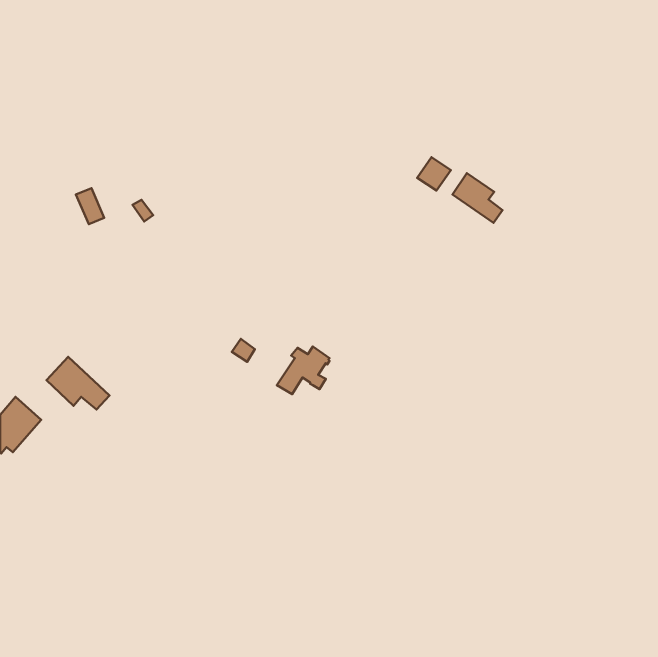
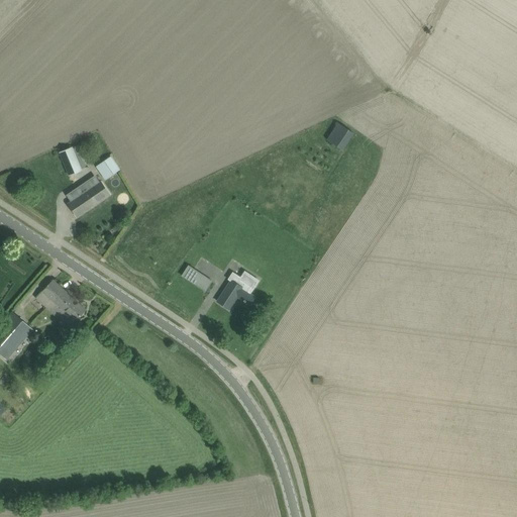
building: [452,173,503,223] -> none
building: none -> [69,183,109,217]

